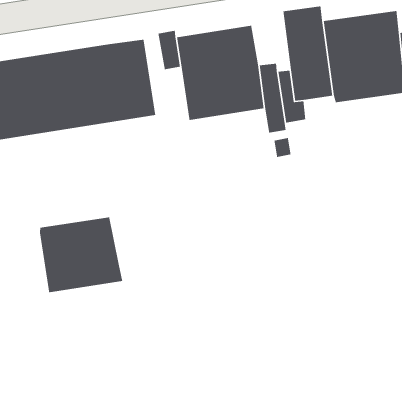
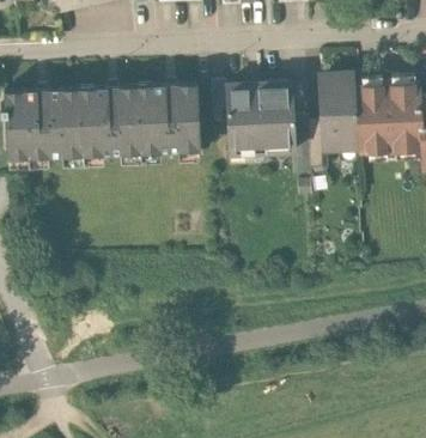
building: [39,217,123,293] -> none

